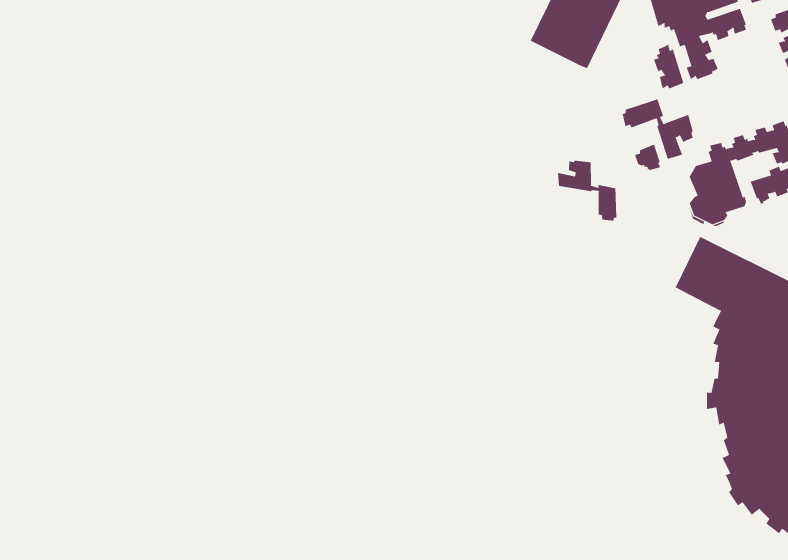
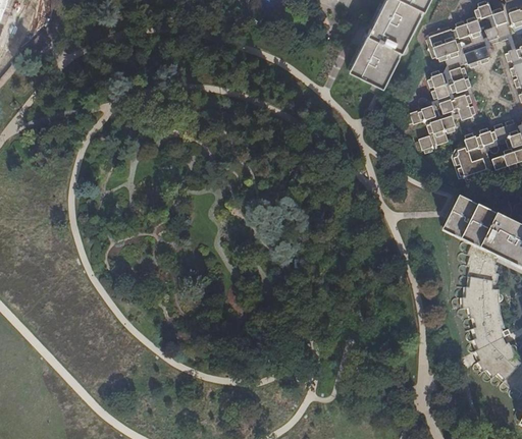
building: none -> [441,94,478,120]
building: [557,160,617,222] -> none

